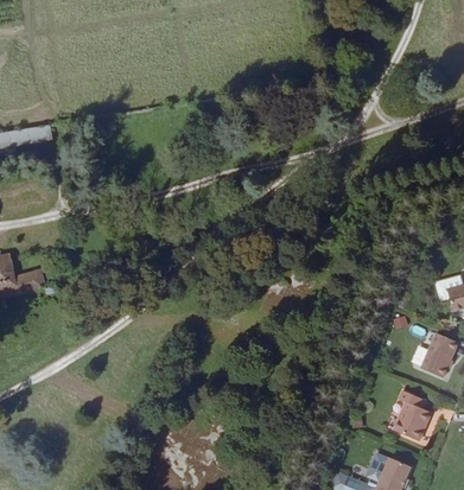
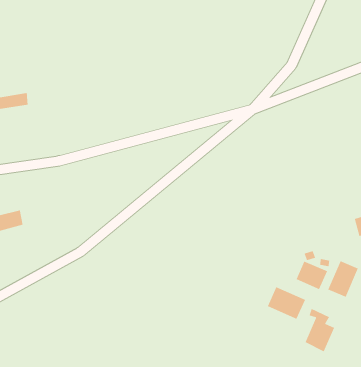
building: none -> [295,260,328,290]
building: none -> [267,286,306,320]

